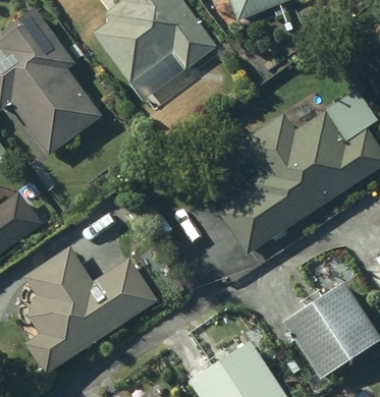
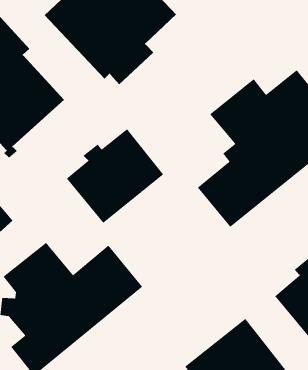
building: none -> [66,128,164,224]

